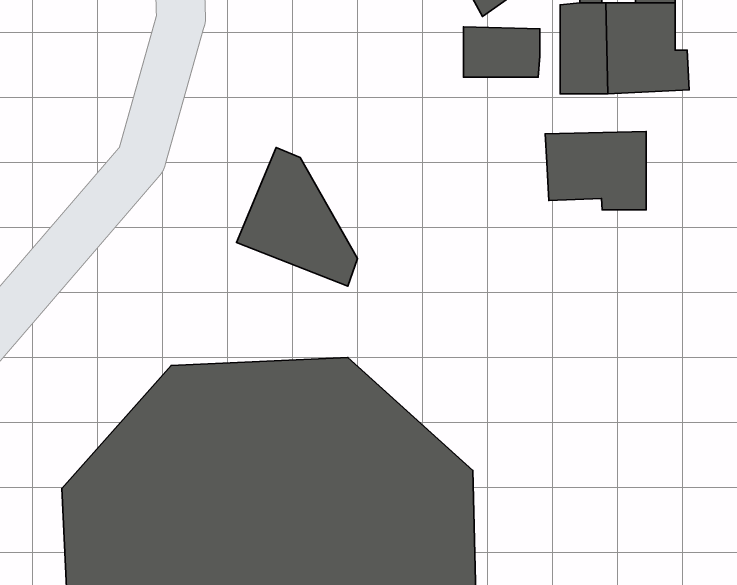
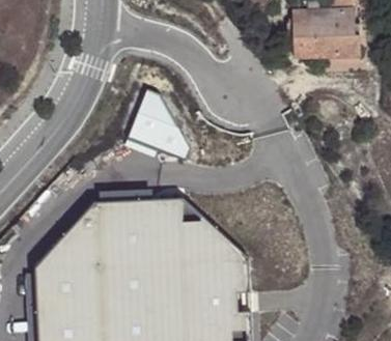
building: [464,27,540,77] -> none
building: [545,132,646,210] -> none

